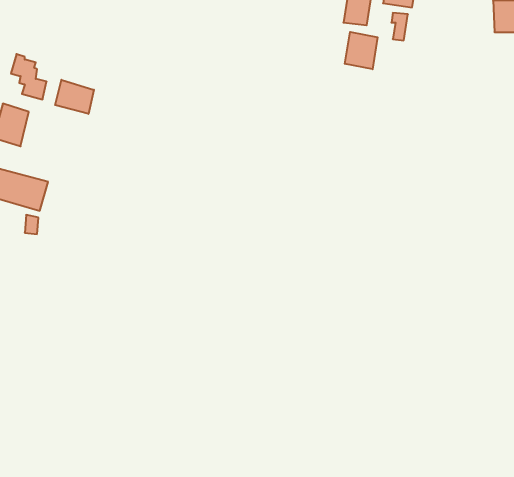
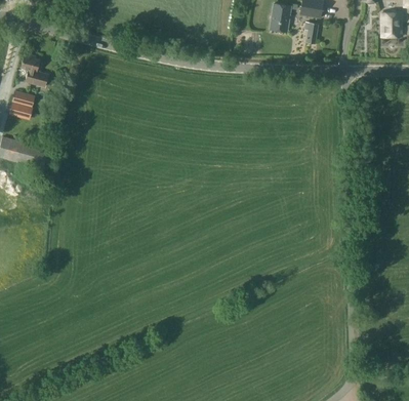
building: [345,32,378,69] -> none
building: [55,80,94,114] -> none

